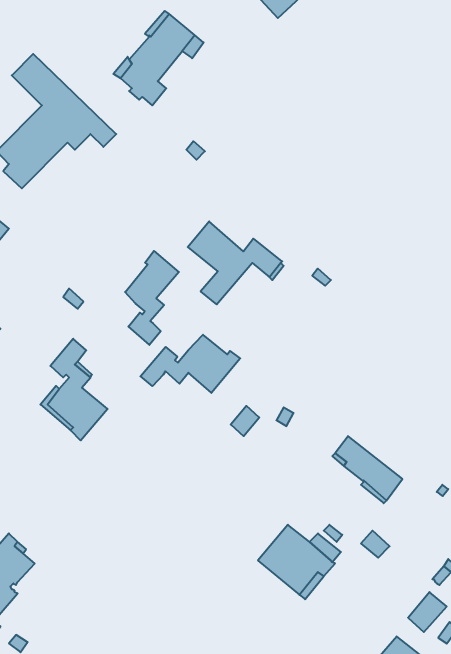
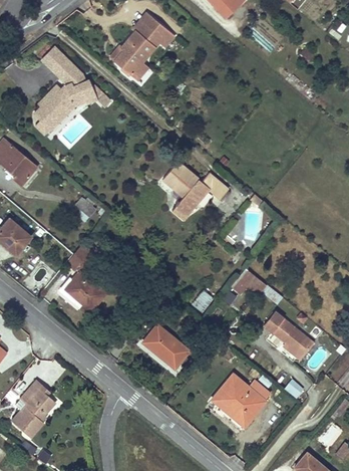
building: [125,251,179,345] -> none
building: [140,335,240,393] -> none
building: none -> [232,269,267,294]
building: none -> [142,325,189,369]

